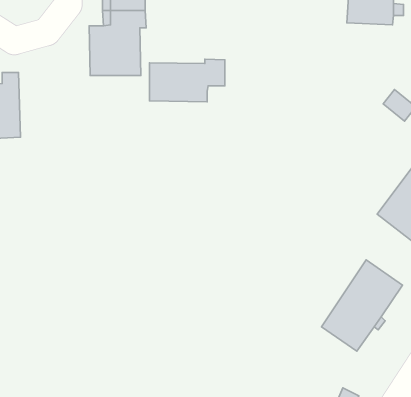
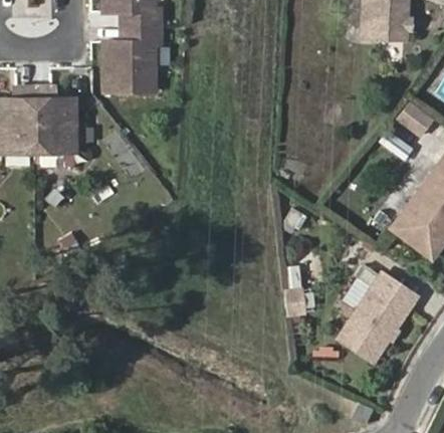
building: [149,59,225,102] -> none
building: none -> [35,86,75,152]

